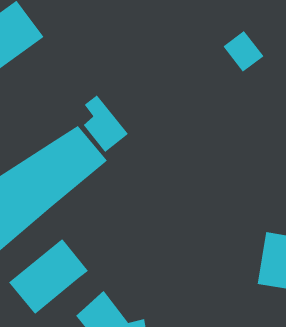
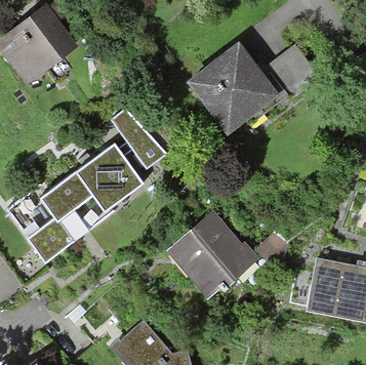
building: none -> [191,42,281,132]
building: none -> [168,211,256,298]
building: [8,238,89,315] -> none

